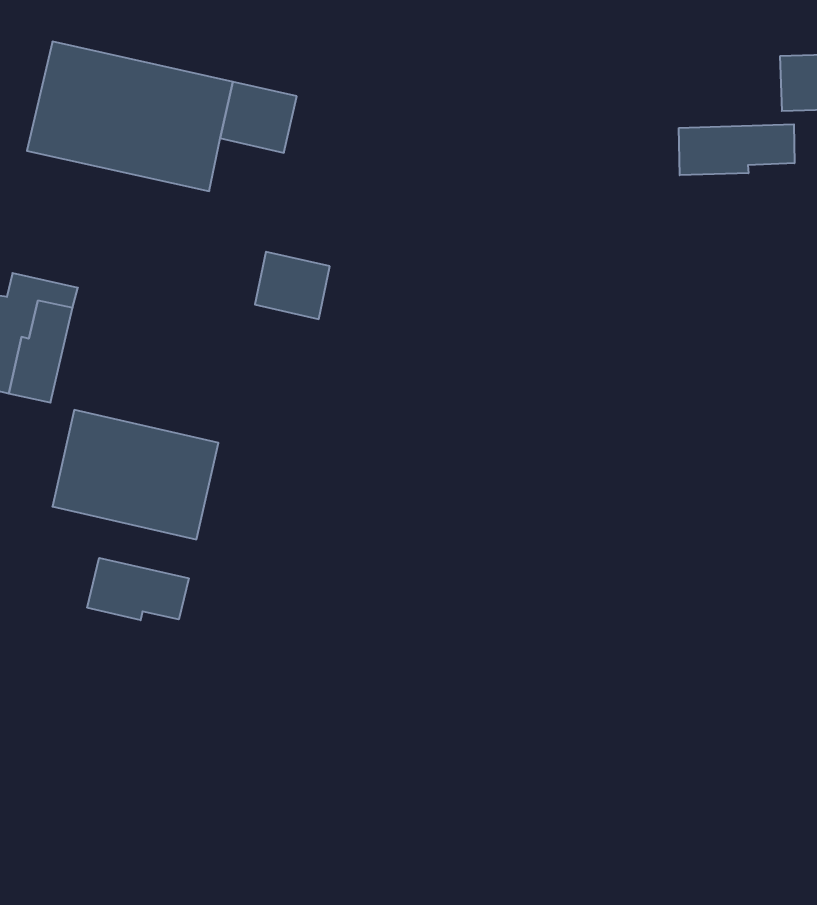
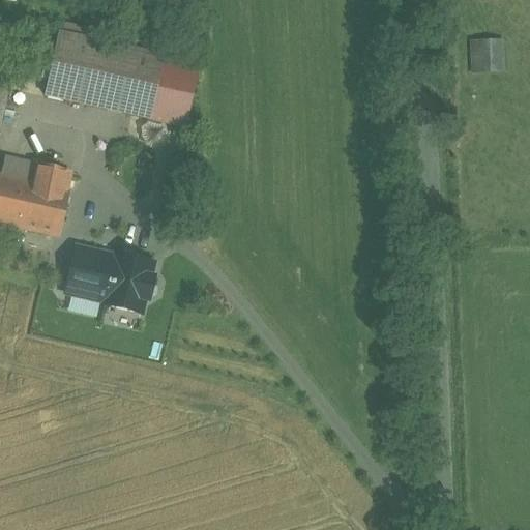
building: [679,124,794,175] -> none
building: [255,252,330,319] -> [147,86,189,124]
building: [87,558,189,620] -> none

